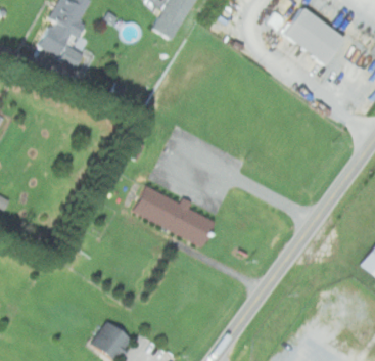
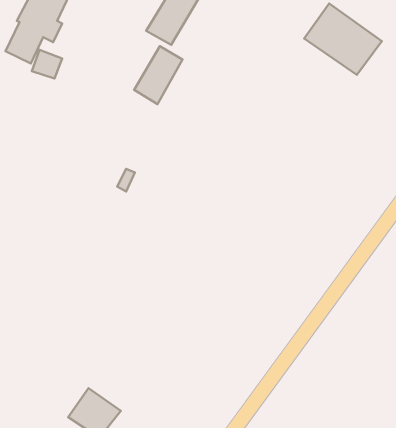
building: none -> [134,46,182,104]
building: [132,186,215,246] -> none

